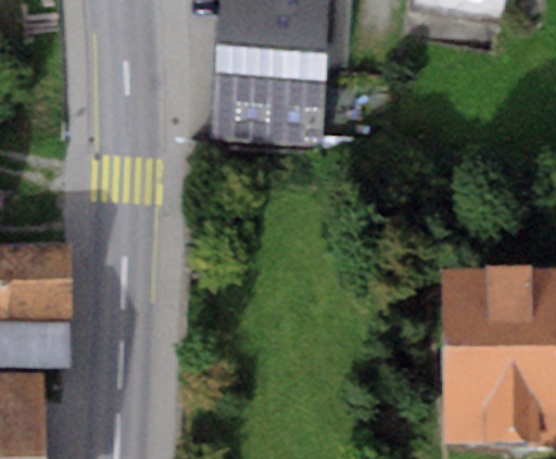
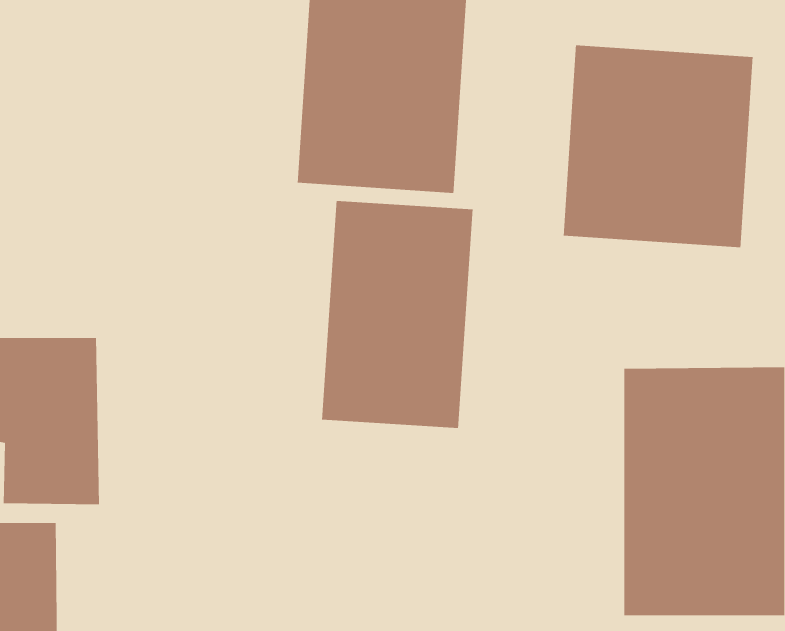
building: none -> [563,45,753,248]
building: none -> [321,200,473,429]

